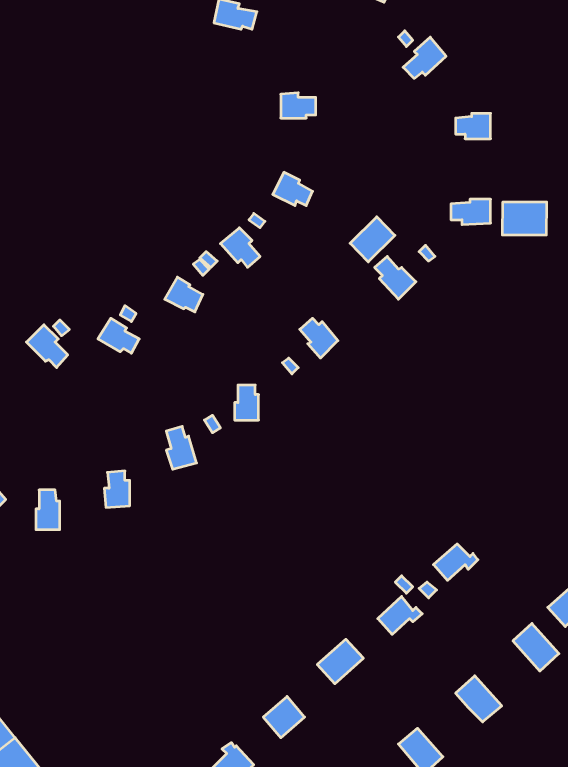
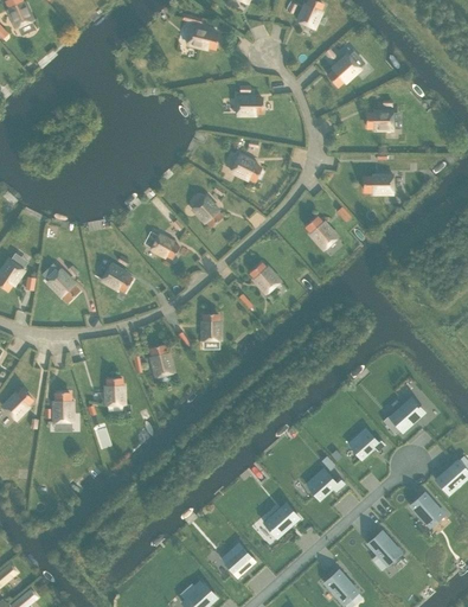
building: [502,202,547,235] -> none
building: [350,217,395,262] -> none
building: none -> [380,394,422,432]

